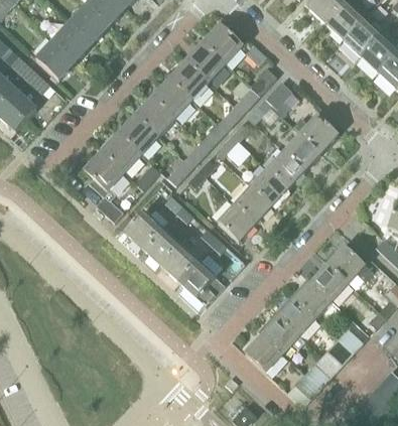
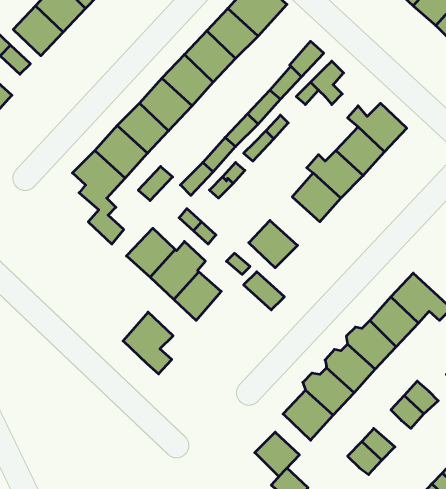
building: [234,186,272,224] -> none
building: [177,259,216,306] -> [123,312,173,374]
building: none -> [255,432,299,476]

